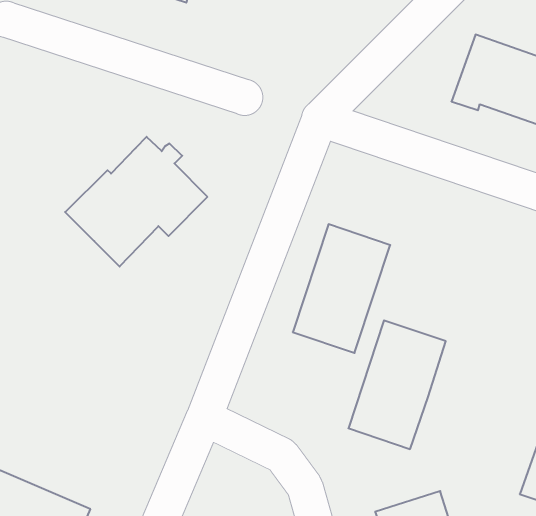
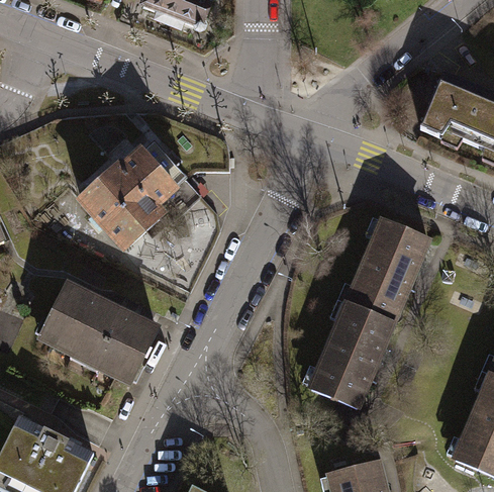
building: [293,224,390,353] -> [344,217,432,328]
building: none -> [34,282,151,378]

